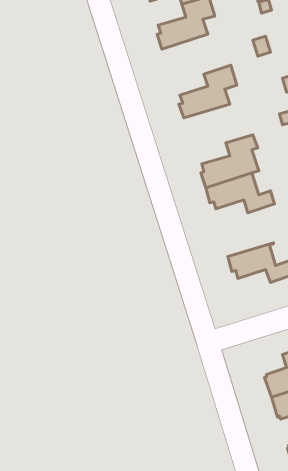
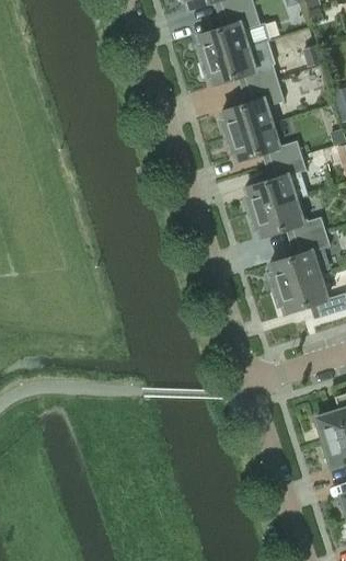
building: none -> [201,39,277,88]
building: none -> [226,121,301,163]
building: none -> [268,230,330,288]

